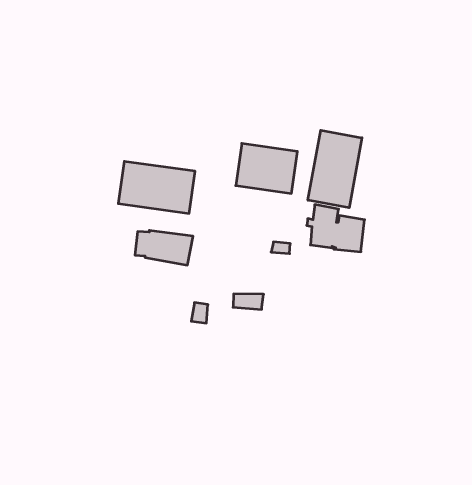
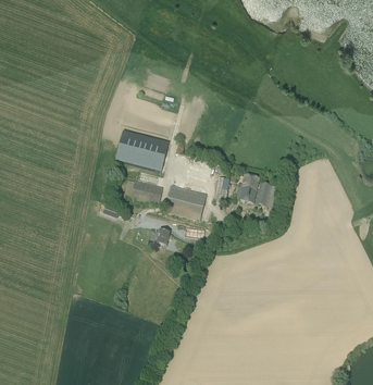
building: [308,130,362,208] -> none
building: [236,143,297,193] -> [163,183,206,219]

